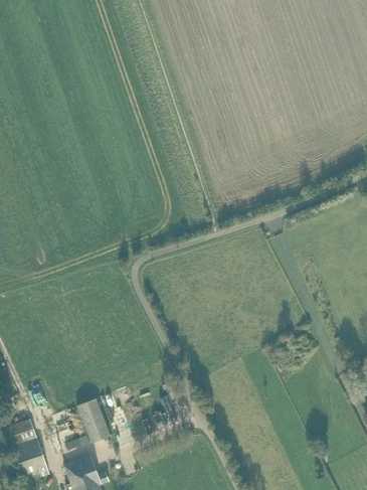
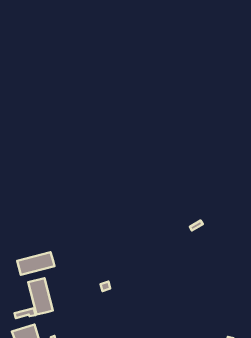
building: none -> [17,252,54,275]

